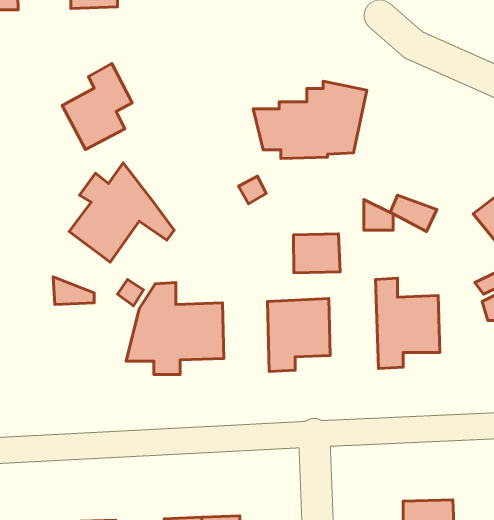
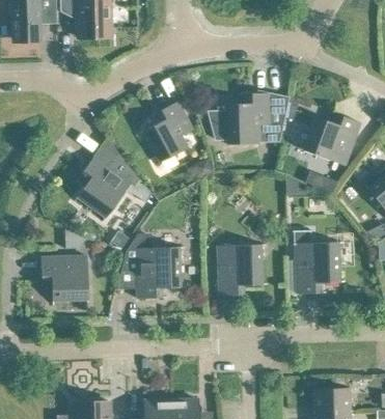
building: [62,63,132,149] -> [143,101,193,162]
building: none -> [304,116,361,165]
building: [293,234,340,273] -> none
building: none -> [42,255,88,301]

